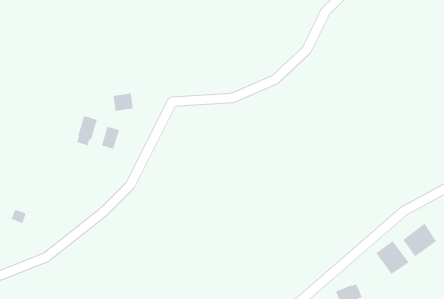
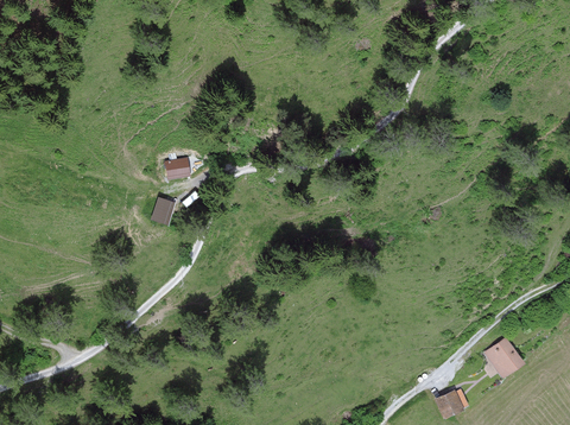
building: [77,115,98,146] -> none
building: [402,223,437,257] -> none

